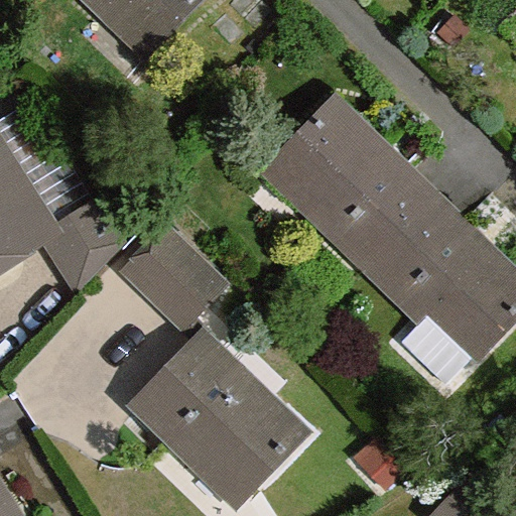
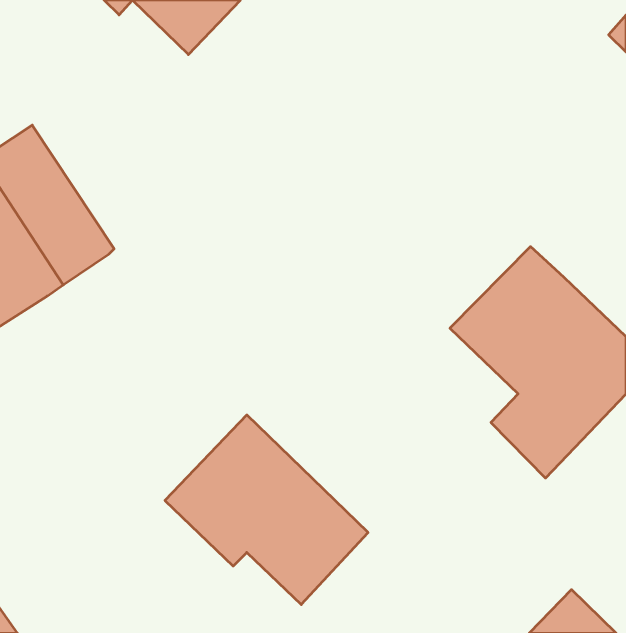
building: [277,107,431,267] -> none
building: [38,207,121,291] -> none
building: [128,229,224,329] -> none

